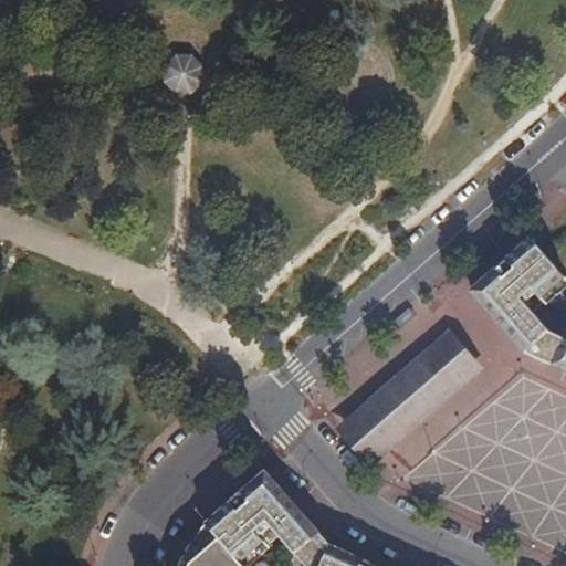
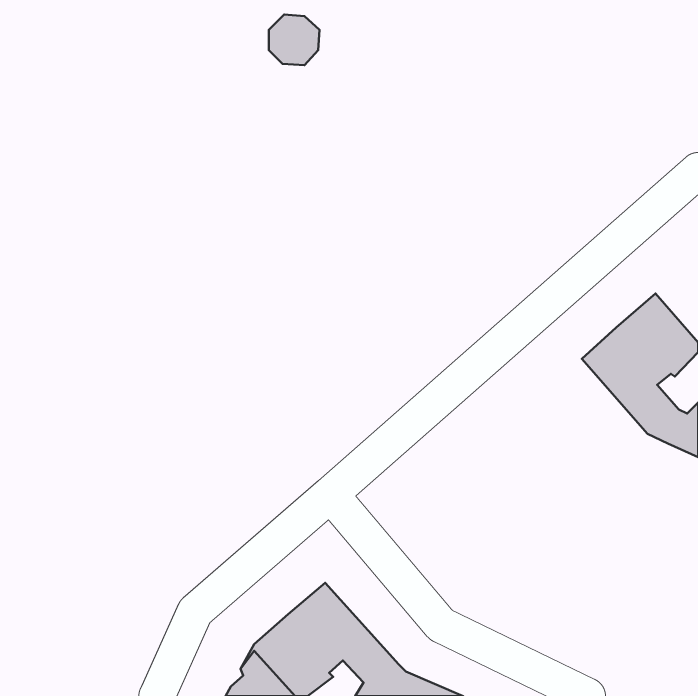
building: [164,55,205,96] -> [269,15,320,65]
building: [343,337,475,460] -> none

